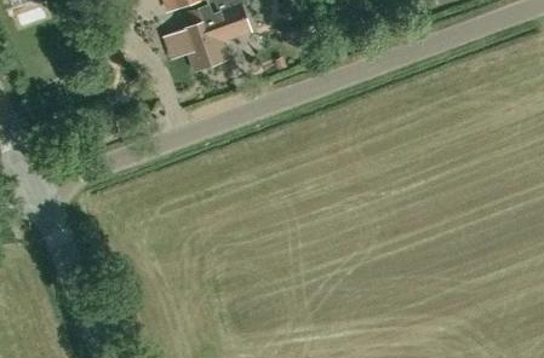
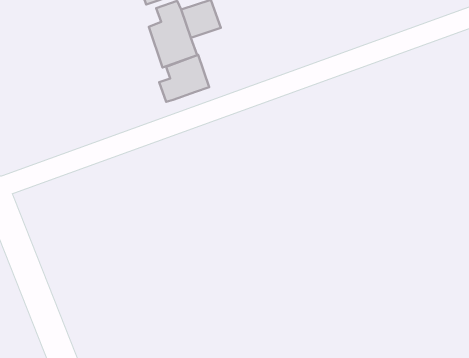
building: none -> [159,55,209,102]

